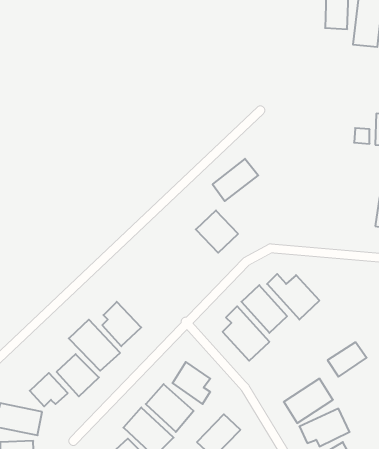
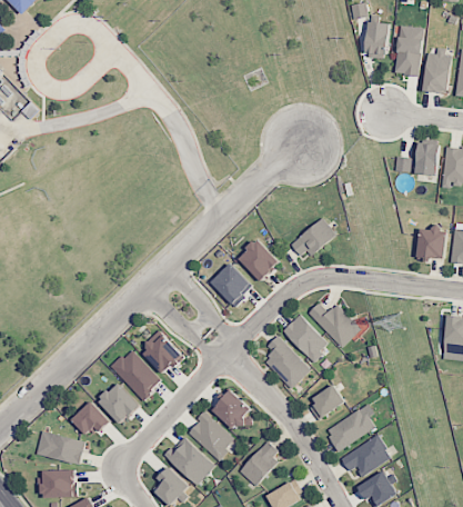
building: [213,159,258,201] -> [290,218,335,260]
building: none -> [210,264,252,306]
building: [328,342,367,377] -> [305,386,344,420]

